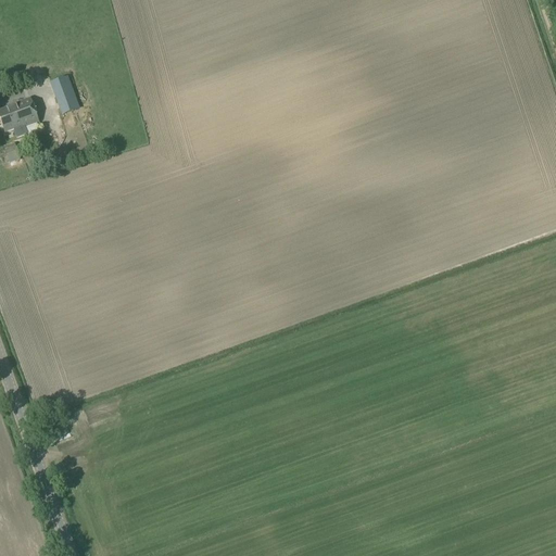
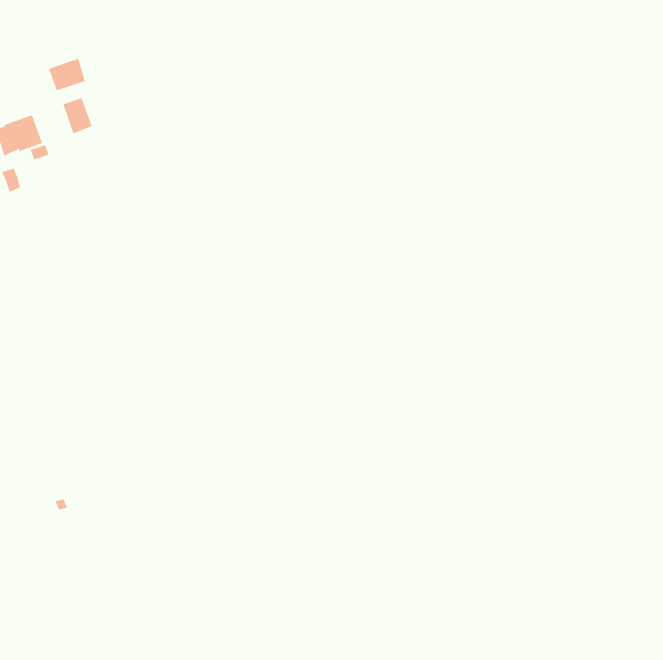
building: none -> [48,58,86,91]

